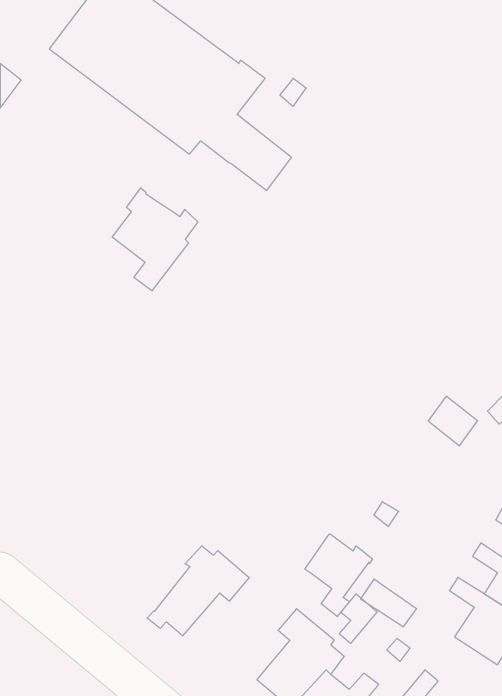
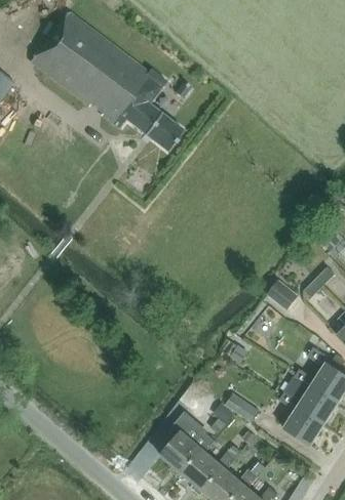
building: [112,188,198,291] -> none
building: [305,534,372,617] -> none
building: [147,546,249,636] -> none

